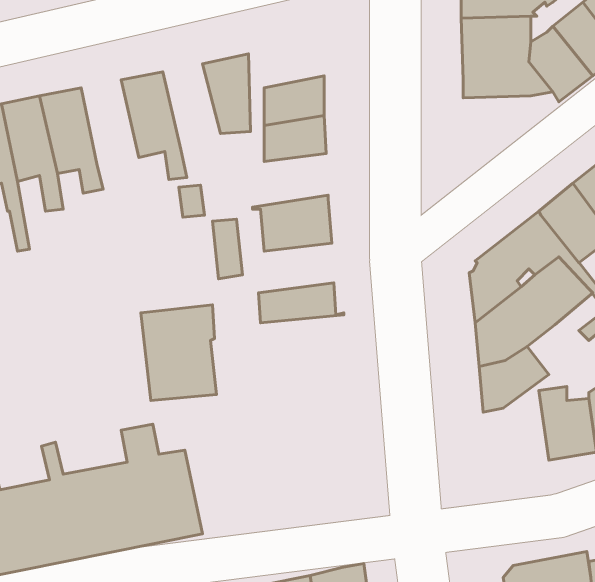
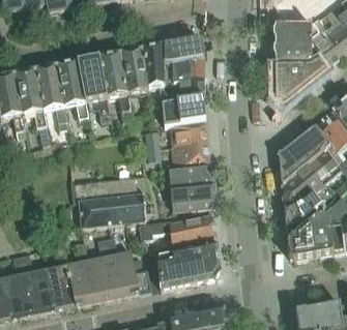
building: none -> [172,37,203,61]
building: none -> [119,49,149,93]
building: none -> [77,57,113,133]
building: none -> [276,63,325,102]
building: none -> [163,95,205,123]
building: none -> [169,142,208,168]
building: none -> [73,178,113,227]
building: none -> [170,179,216,209]
building: none -> [139,213,216,246]
building: none -> [287,218,320,260]
building: none -> [157,242,220,289]

